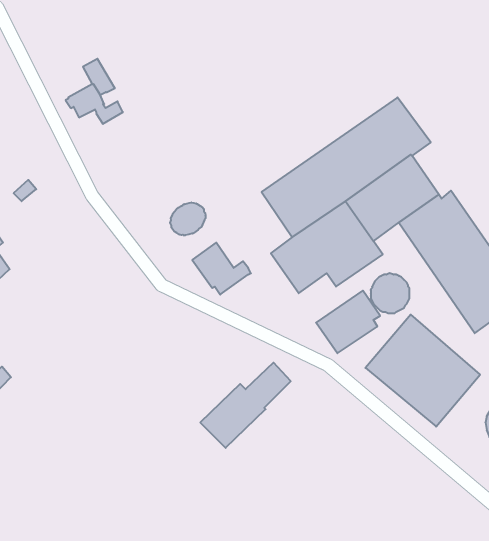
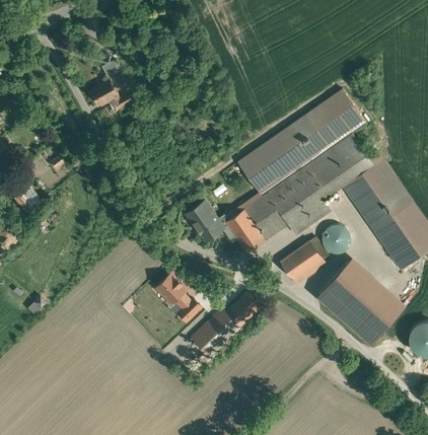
building: [170,202,206,236] -> none
building: none -> [227,209,266,252]
building: none -> [156,273,203,322]

